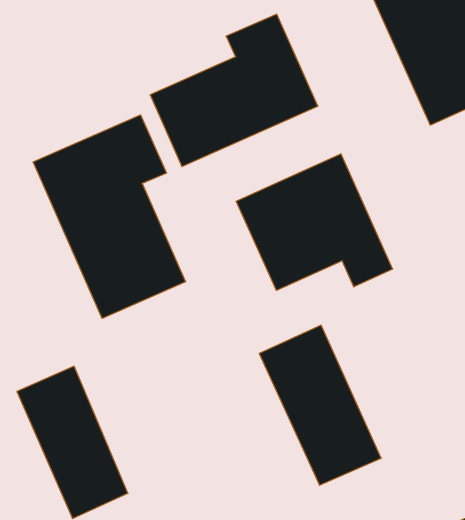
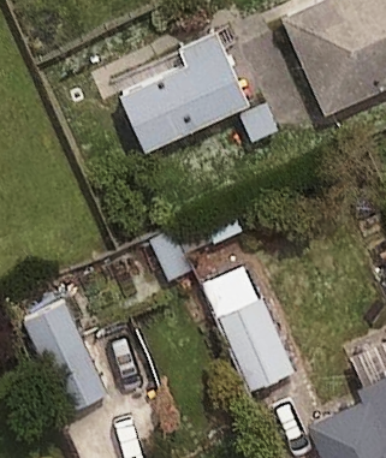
building: [33,115,185,318] -> none
building: [236,154,392,290] -> none

